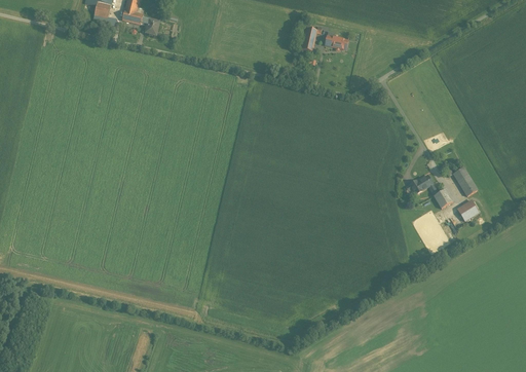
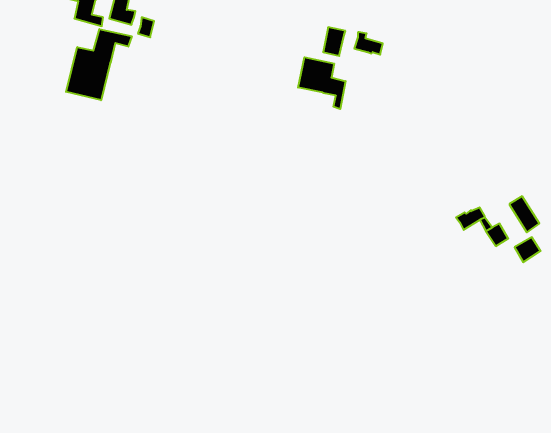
building: none -> [66,29,132,100]
building: none -> [298,57,346,109]

